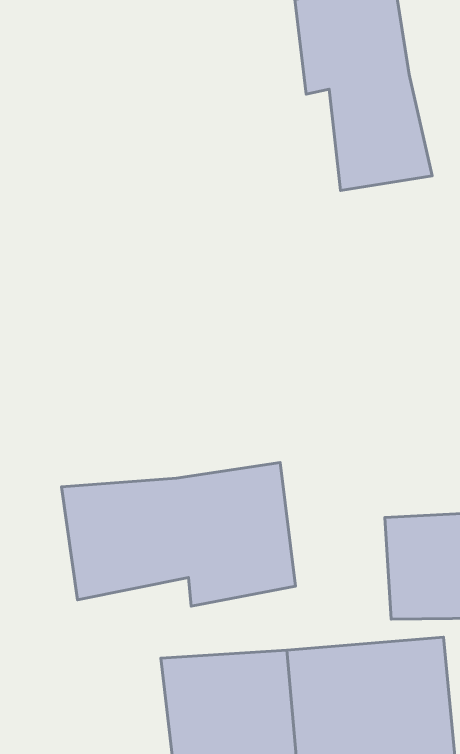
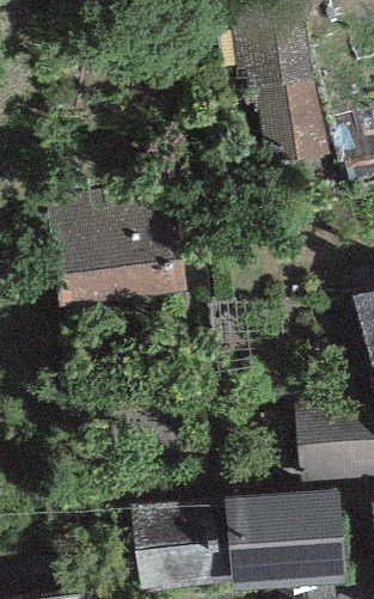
building: none -> [47,189,188,307]
building: [62,462,295,606] -> none

